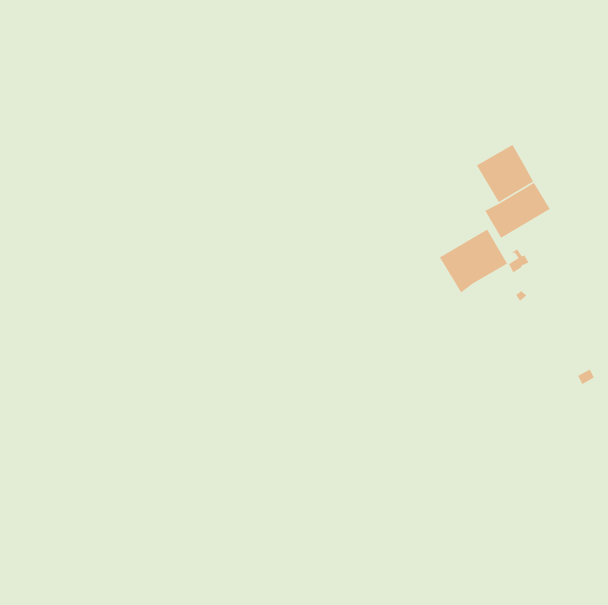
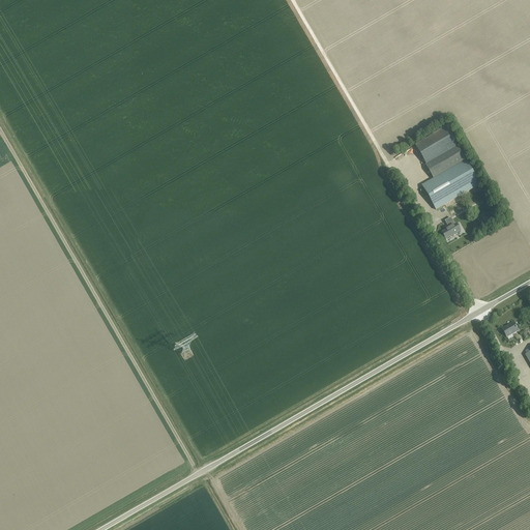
building: [439,229,508,293] -> none

